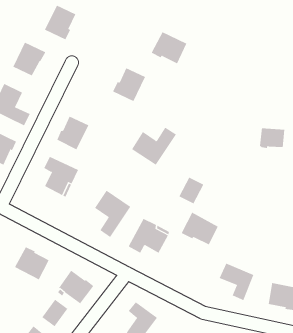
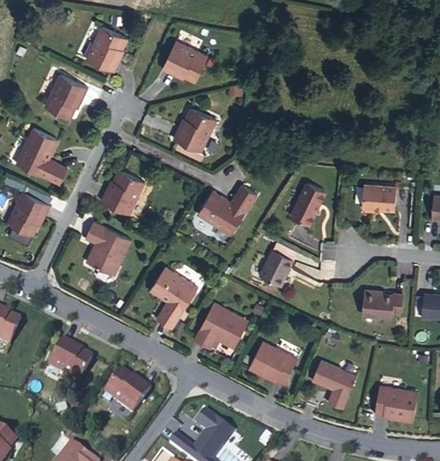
building: [151,31,187,64] -> [162,39,208,81]
building: none -> [291,182,325,223]
building: none -> [363,290,402,317]
building: [181,212,219,245] -> [248,340,297,383]
building: [41,299,68,327] -> none

